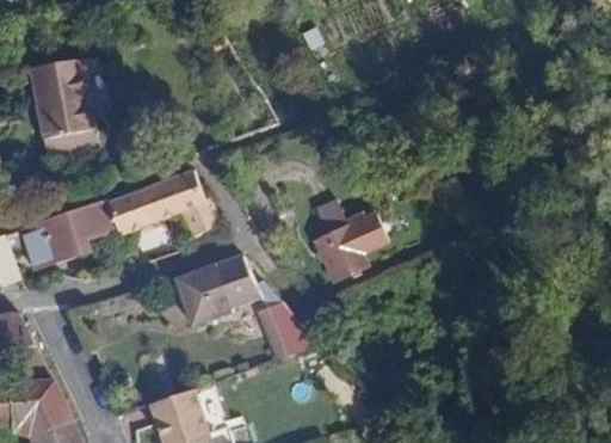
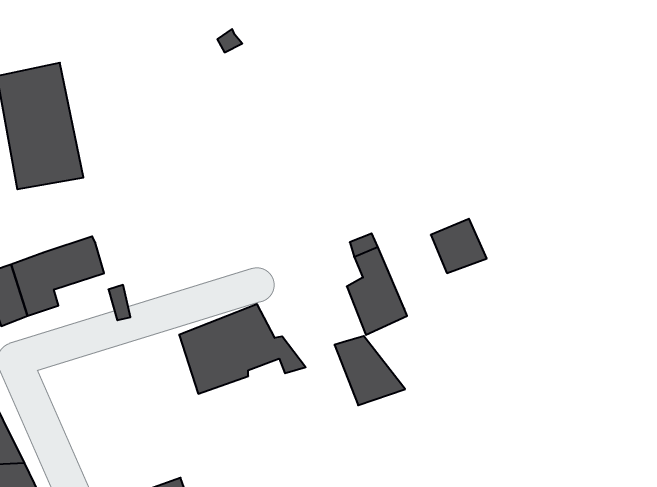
building: [111,167,223,234] -> none
building: [348,211,394,256] -> [431,219,487,273]
building: [258,303,315,359] -> [334,336,405,405]

